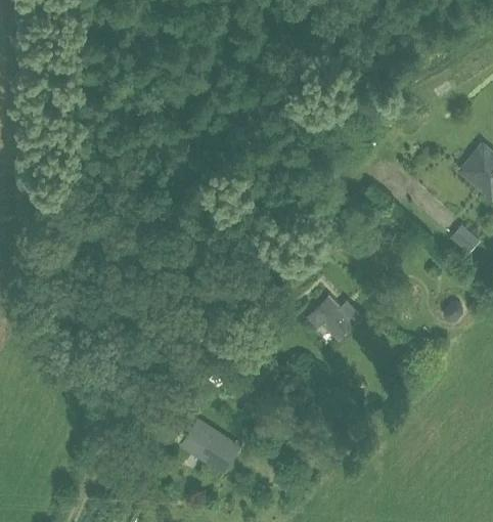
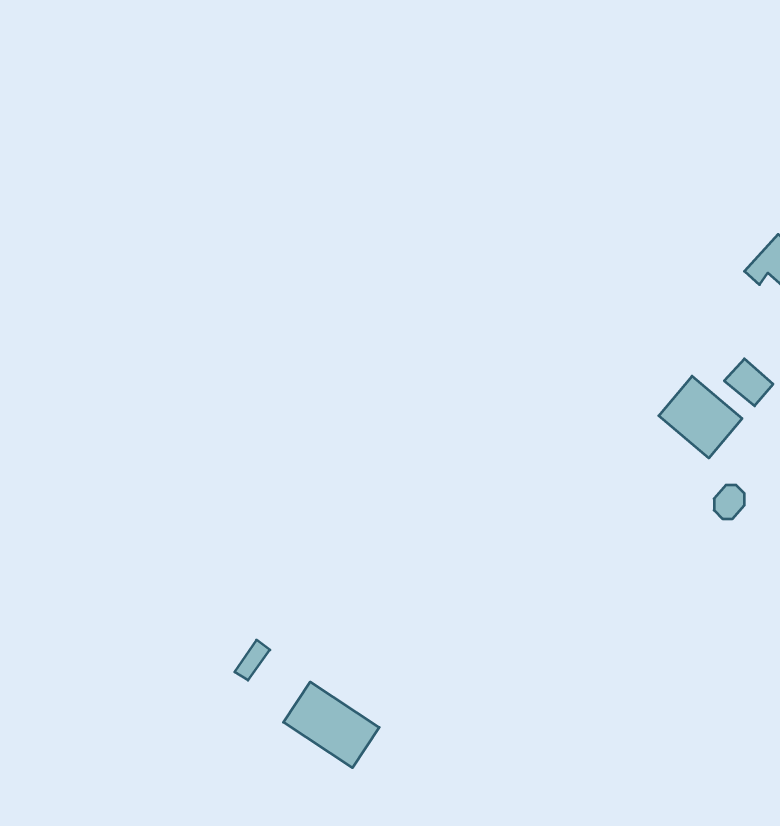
building: none -> [659,376,742,458]
building: [305,297,355,340] -> none

